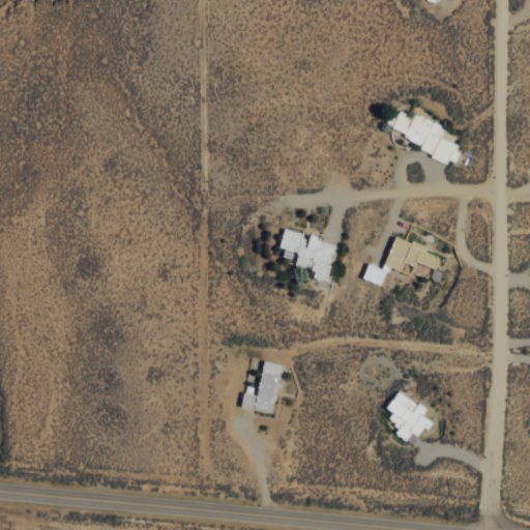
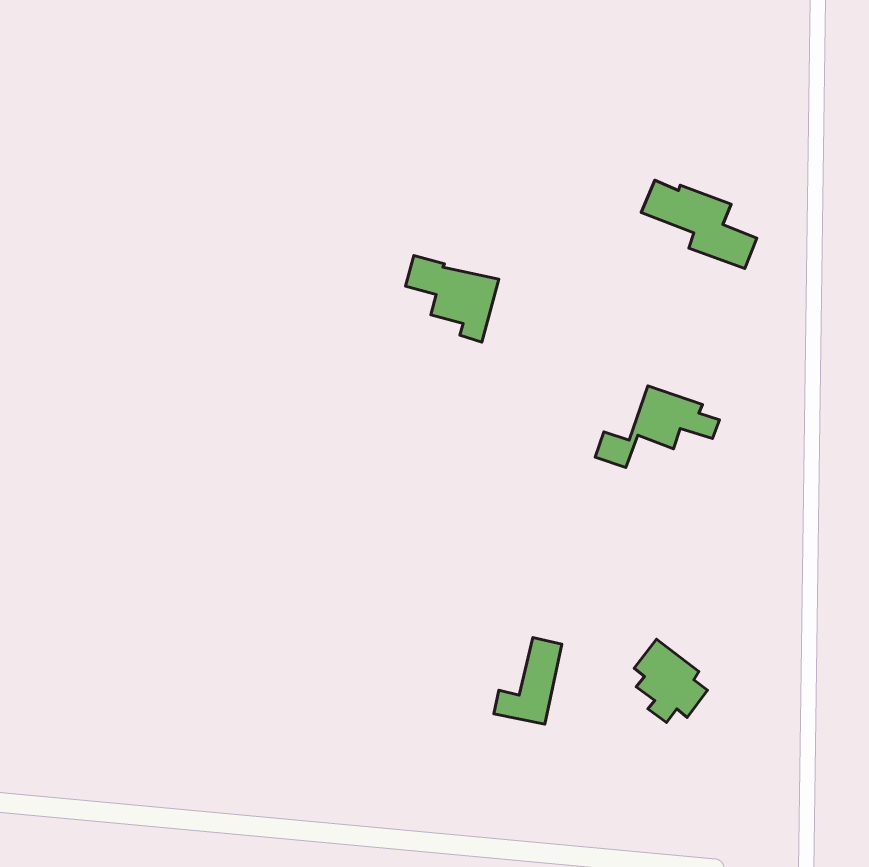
building: [278,229,335,282] -> [405,255,499,342]
building: [240,360,282,413] -> [494,637,562,724]

